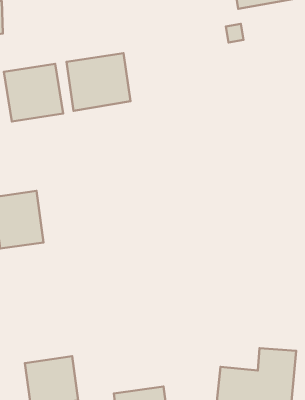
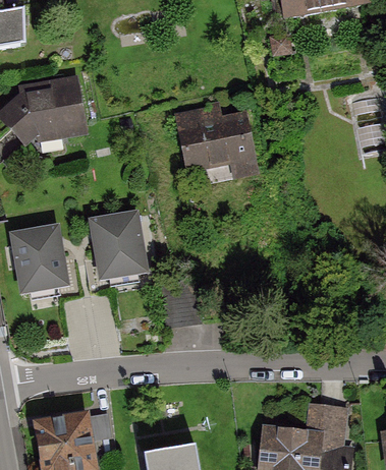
building: [66,53,130,111] -> [186,106,260,172]
building: none -> [84,211,142,279]

